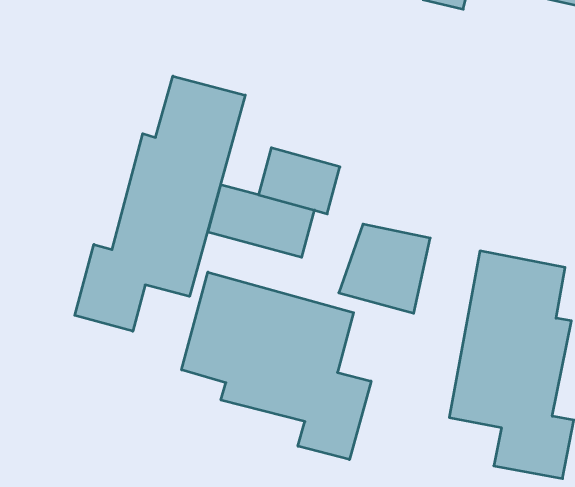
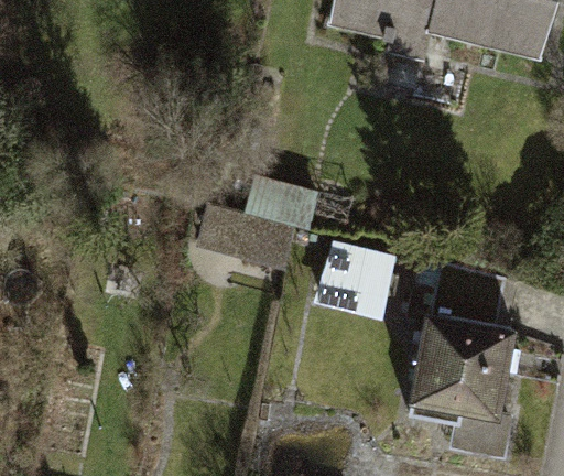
building: [75,76,245,331] -> none
building: [182,272,371,460] -> none

